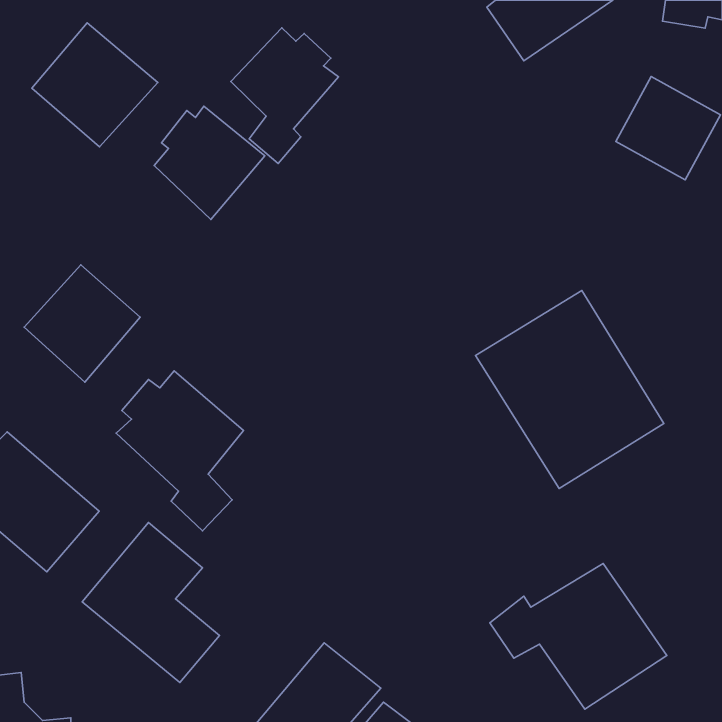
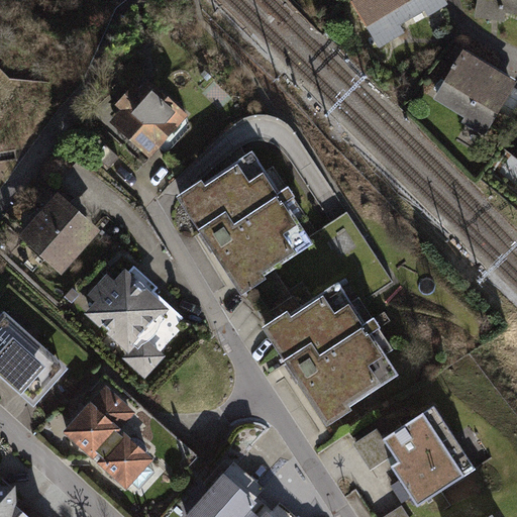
building: [32,23,158,147] -> none
building: [231,28,339,163] -> none
building: none -> [178,148,309,290]
building: [476,290,664,489] -> [260,286,394,427]

